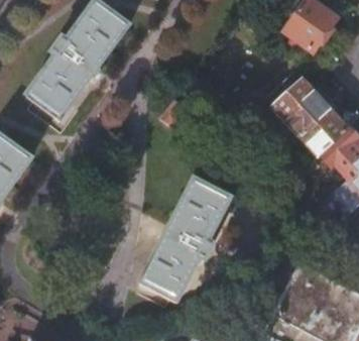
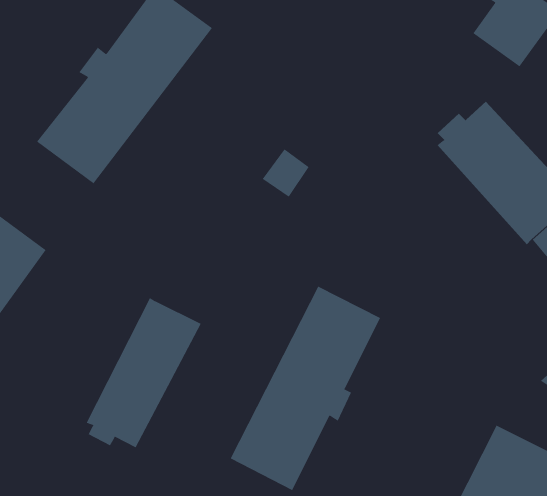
building: none -> [86,297,202,448]

